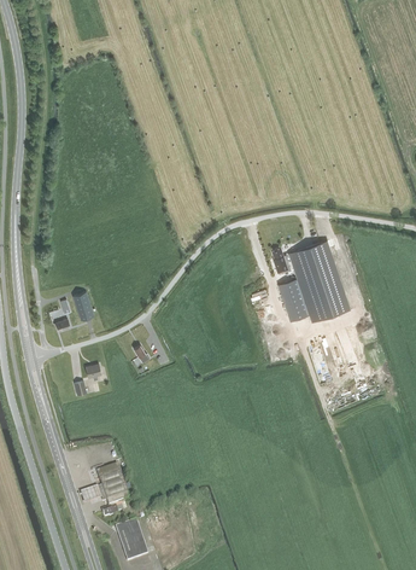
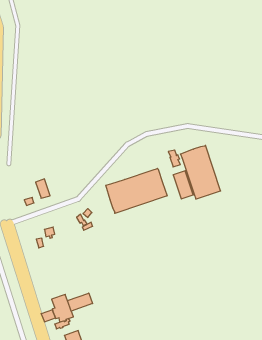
building: none -> [106,168,167,213]
building: none -> [67,293,93,311]

